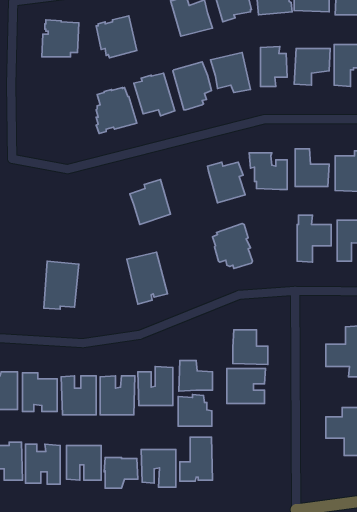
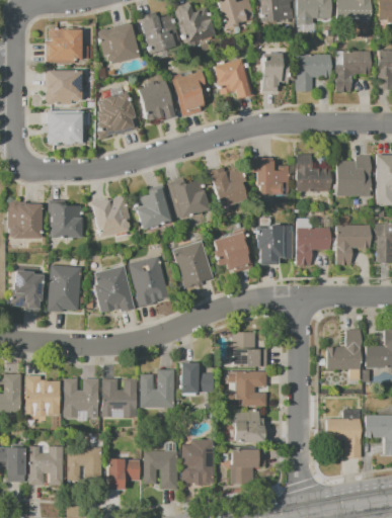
building: none -> [138,12,180,55]
building: none -> [45,70,80,104]
building: none -> [47,110,83,145]
building: none -> [167,178,209,218]
building: none -> [91,195,130,237]
building: none -> [7,200,41,239]
building: none -> [48,200,81,238]
building: none -> [254,225,291,265]
building: none -> [173,241,215,288]
building: none -> [93,266,134,313]
building: none -> [10,270,43,311]
building: [178,394,212,426] -> [234,410,267,441]
building: none -> [230,449,264,484]

